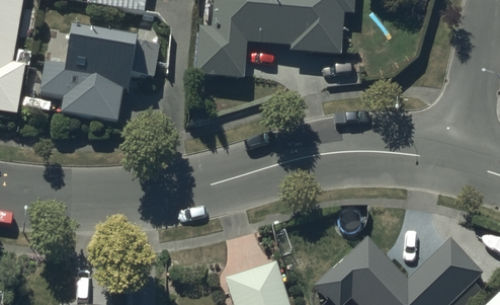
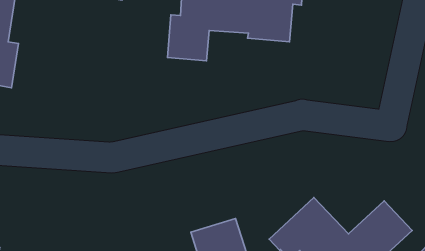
building: [39,25,159,116] -> none

